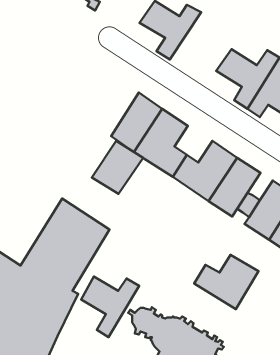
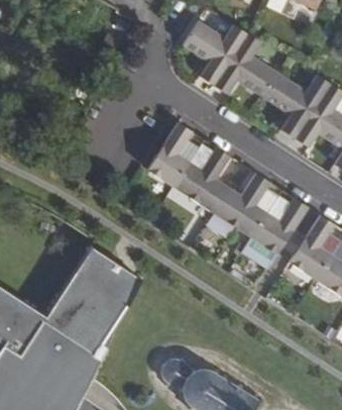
building: none -> [207,38,272,101]
building: [92,141,143,194] -> none
building: [194,255,259,309] -> none
building: [81,276,139,337] -> none

